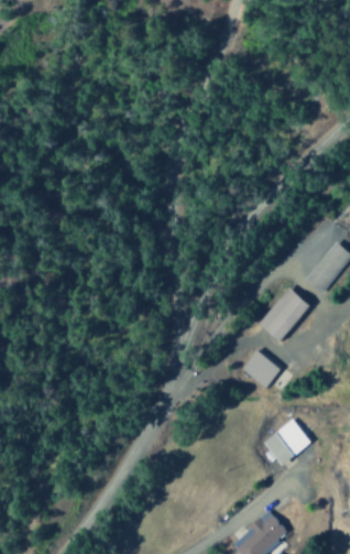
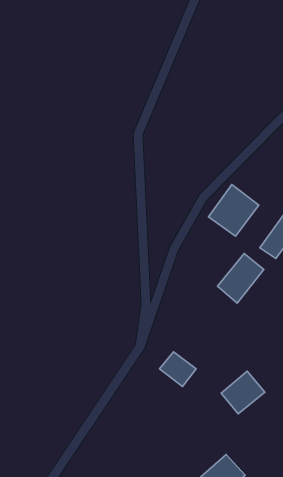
building: none -> [208,185,259,236]
building: [241,350,282,389] -> [160,352,196,386]

